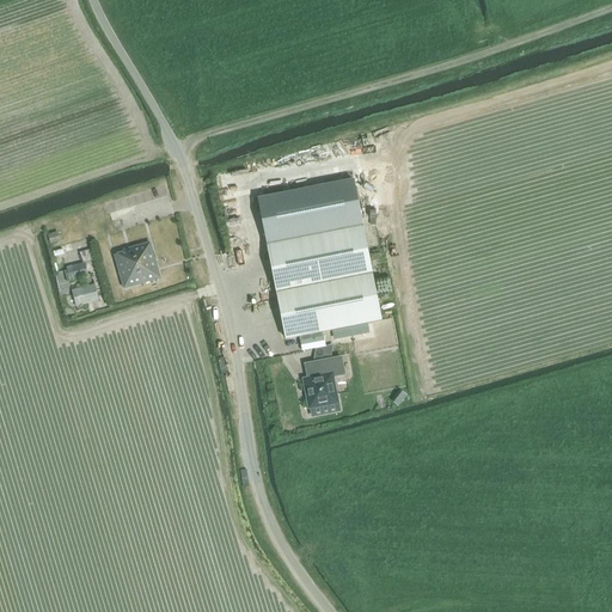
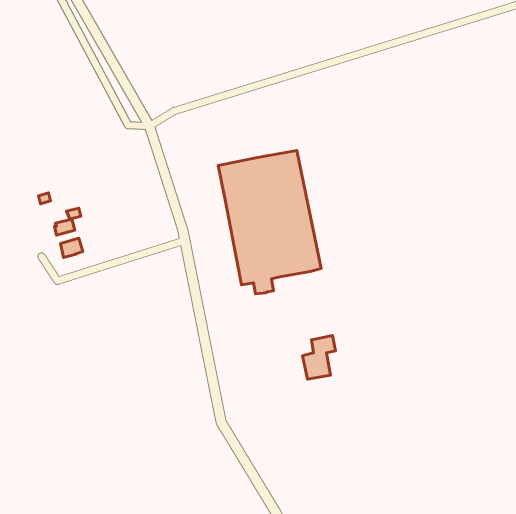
building: [114,239,161,286] -> none
building: [304,354,343,405] -> [302,336,336,379]

